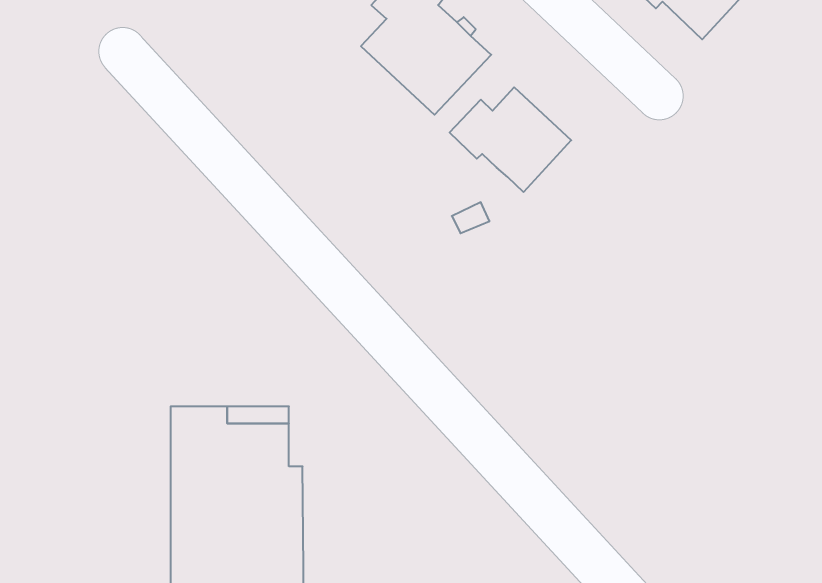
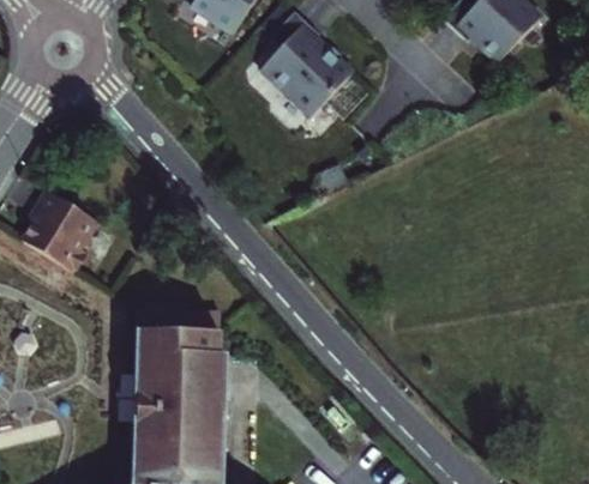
building: [450,87,571,192] -> none
building: none -> [23,194,100,280]

